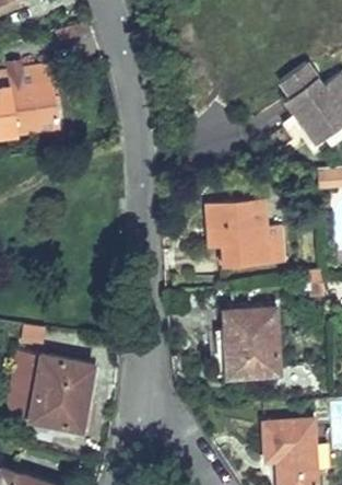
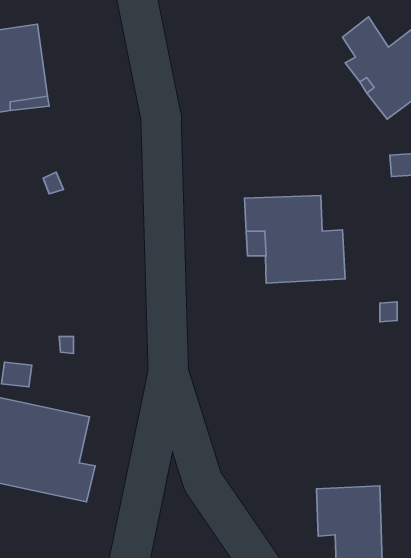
building: [216,305,278,376] -> none

